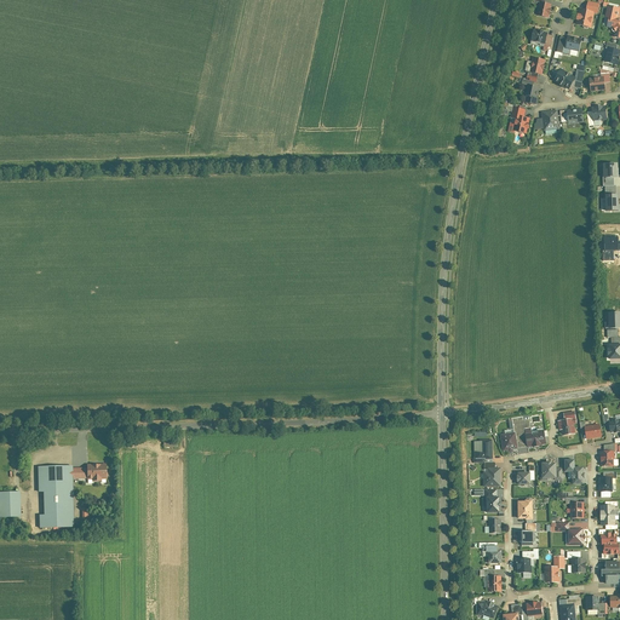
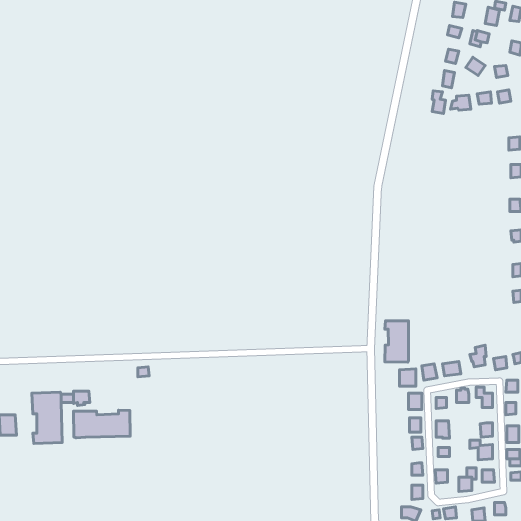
building: none -> [385,321,409,362]
building: none -> [74,410,130,438]

